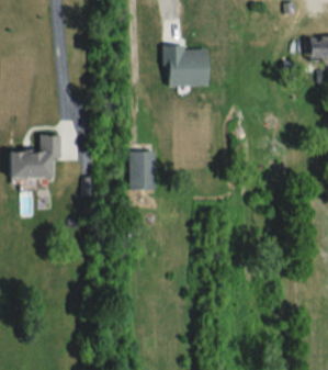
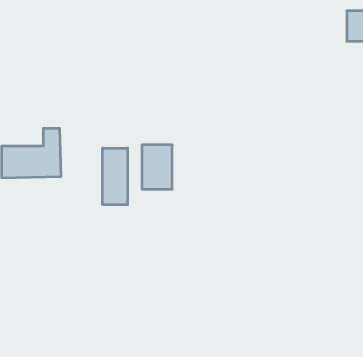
building: [167,46,207,87] -> none
building: none -> [103,148,128,205]

